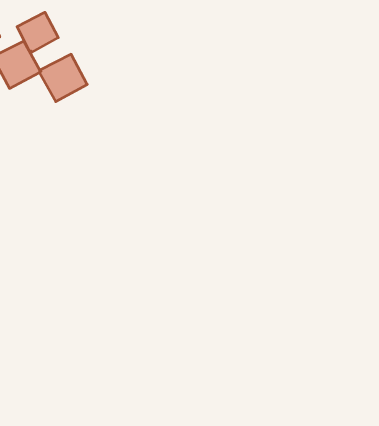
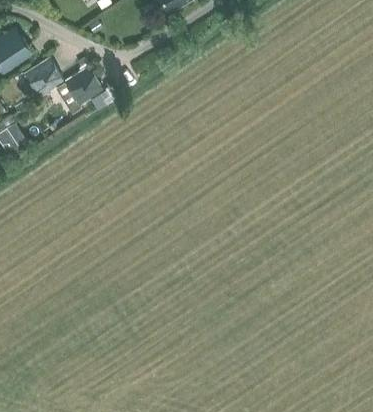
building: [17,12,58,52] -> none

